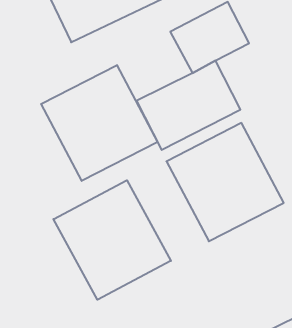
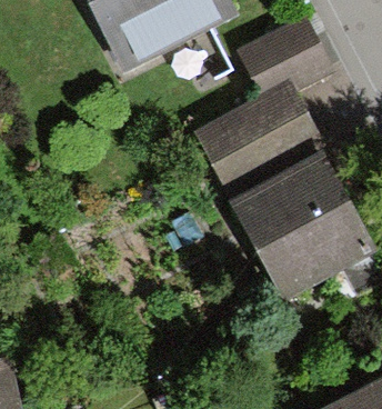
building: [41,65,158,181] -> none
building: [53,180,171,300] -> none

